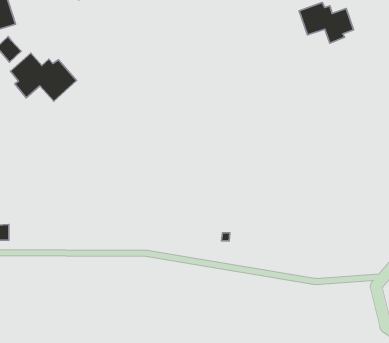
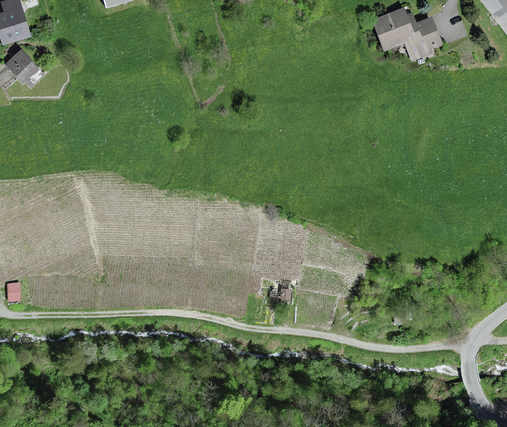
building: [10,53,77,101] -> none

